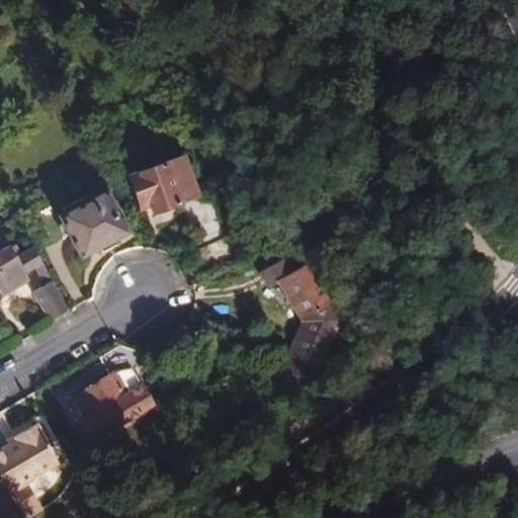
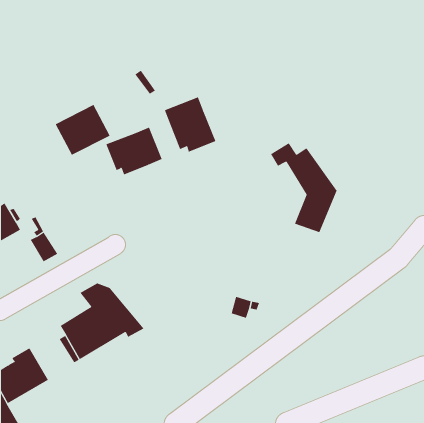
building: none -> [164,97,216,152]
building: [58,192,125,255] -> [55,104,110,156]
building: [259,259,341,369] -> [270,142,337,233]

